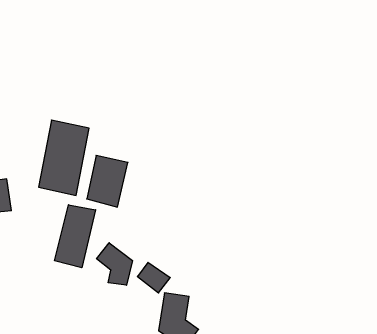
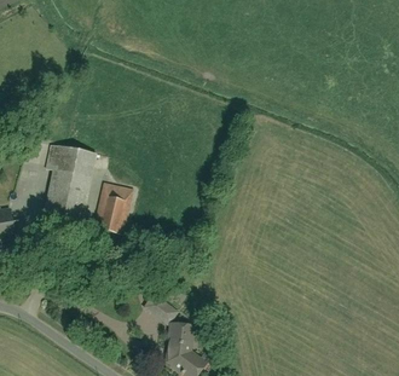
building: [55,205,96,268] -> none
building: [97,243,132,285] -> none

